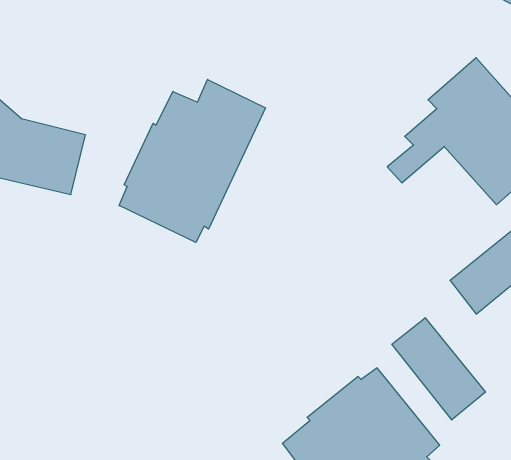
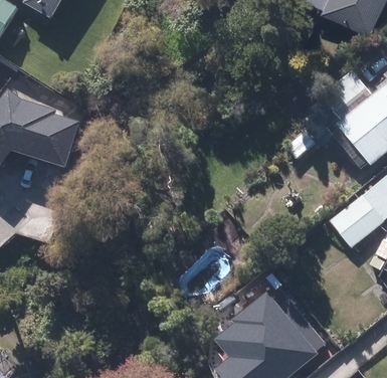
building: [119,79,266,242] -> none
building: [392,318,485,420] -> none

